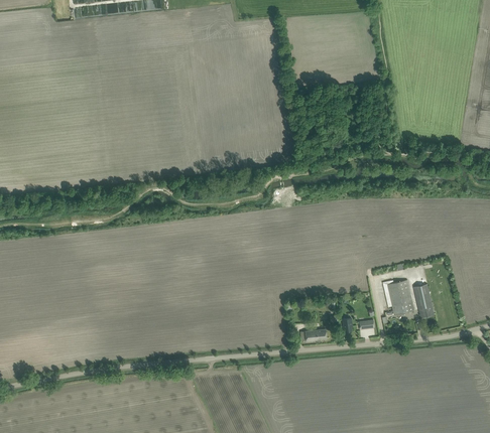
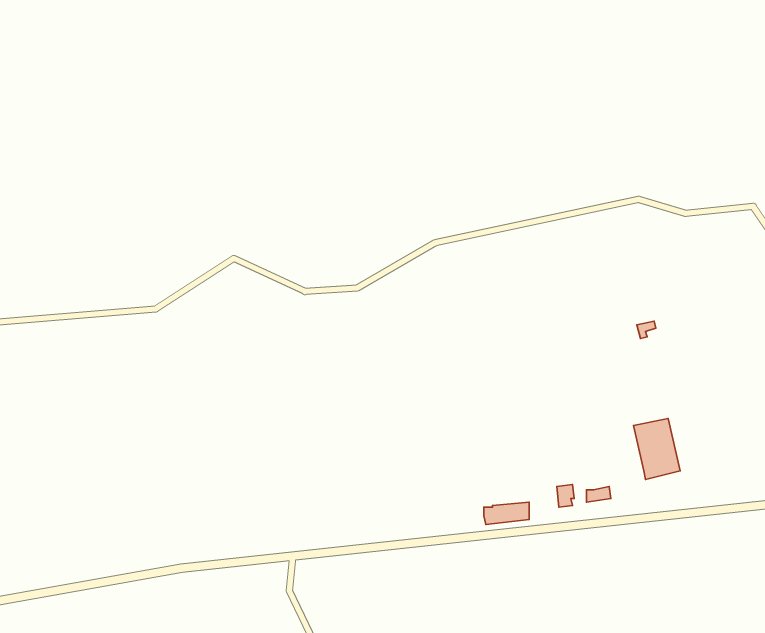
building: [413,284,434,317] -> none

